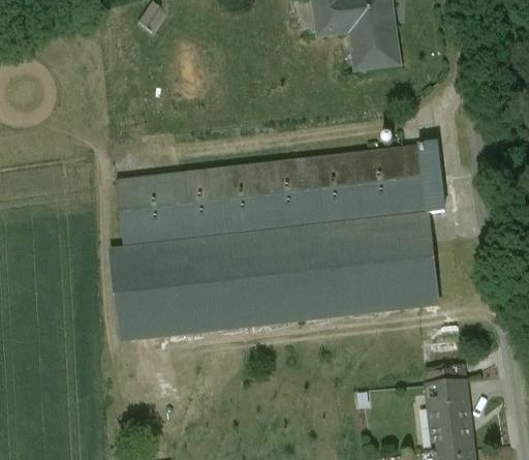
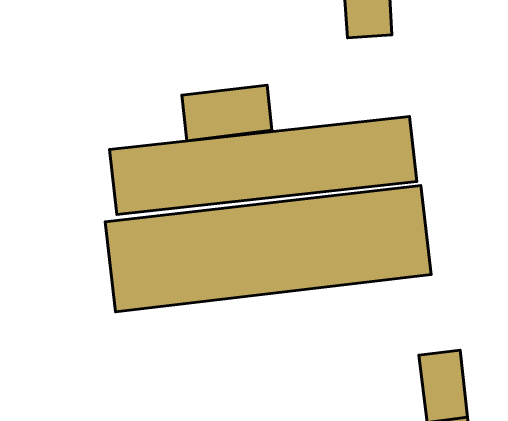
building: none -> [182,85,272,141]
building: [415,143,443,211] -> none

